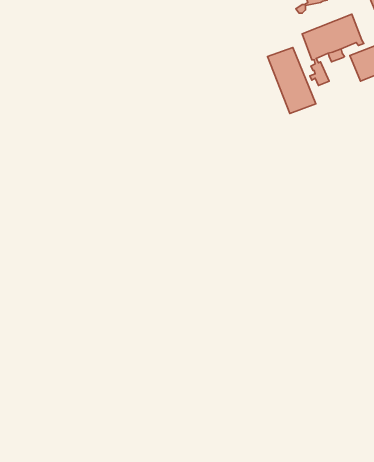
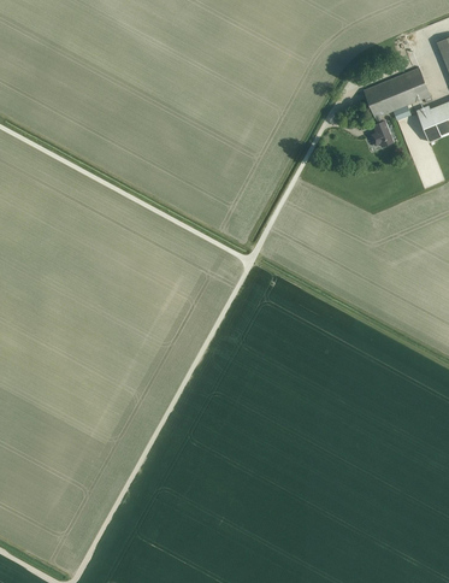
building: [268,48,316,113] -> none

